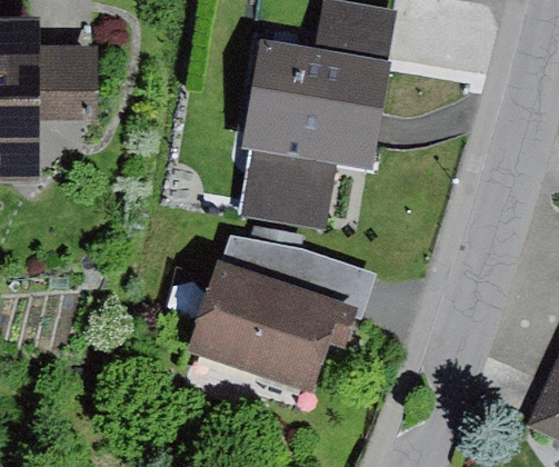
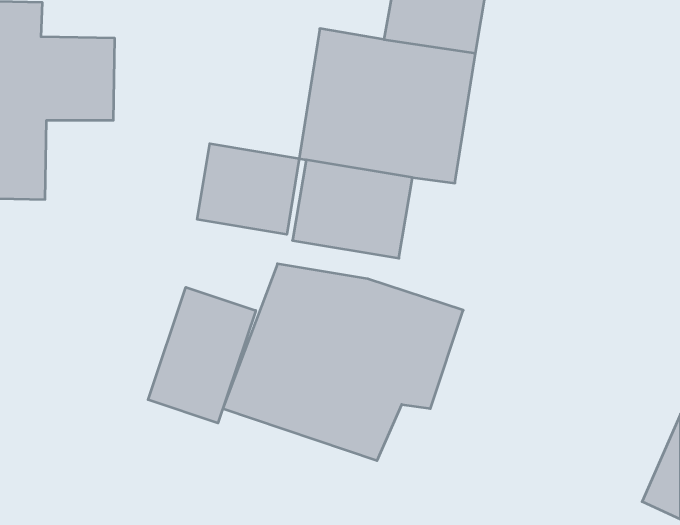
building: none -> [197,144,299,234]
building: none -> [148,287,256,423]

